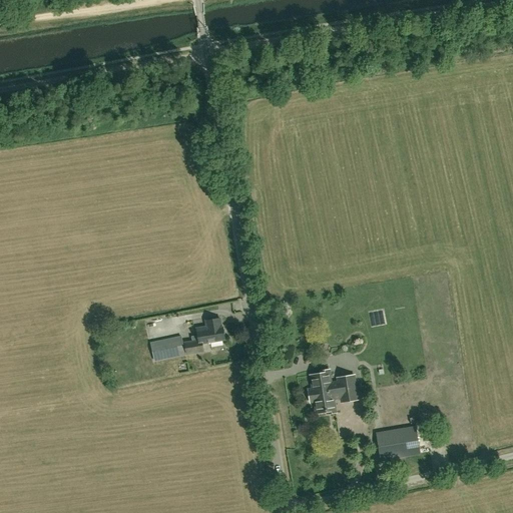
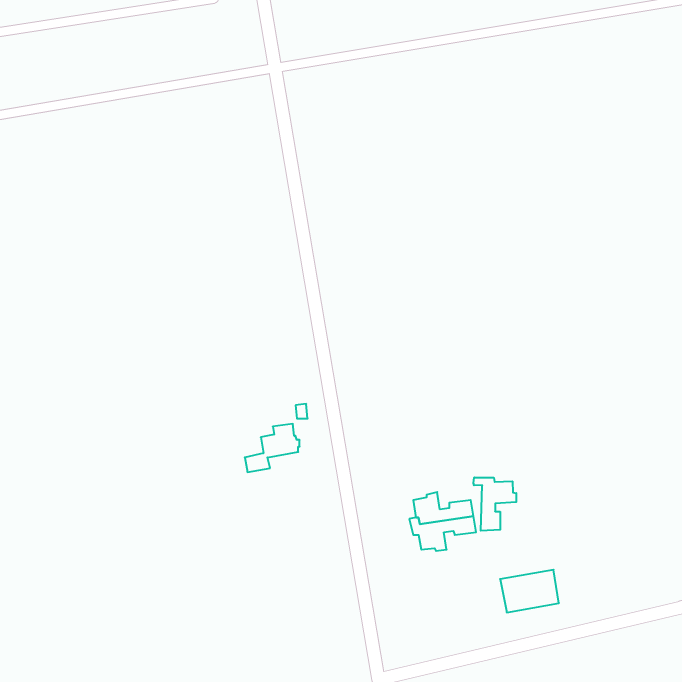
building: [149,336,184,360] -> none
building: none -> [474,477,516,531]

